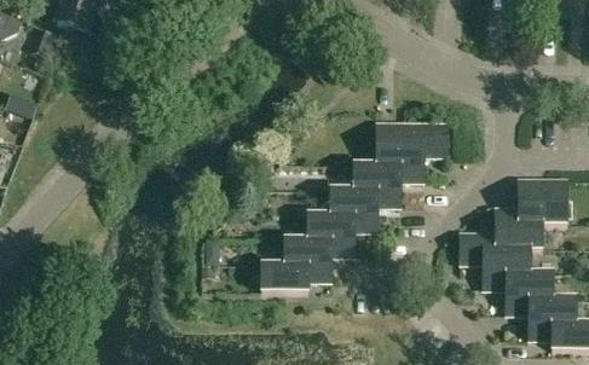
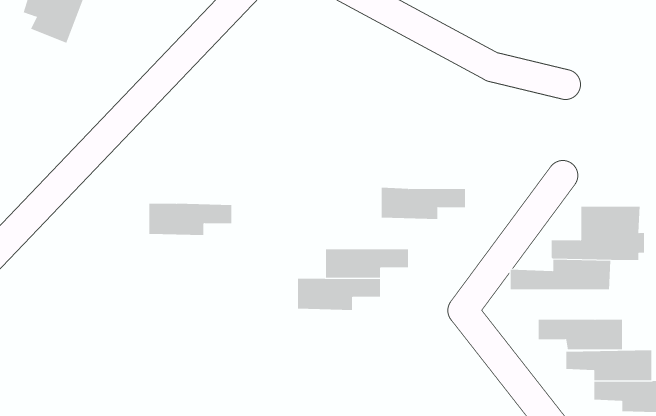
building: [376,121,446,163] -> none
building: [331,187,400,213] -> none
building: [460,247,530,271] -> none
building: [261,262,330,289] -> [149,203,232,236]

